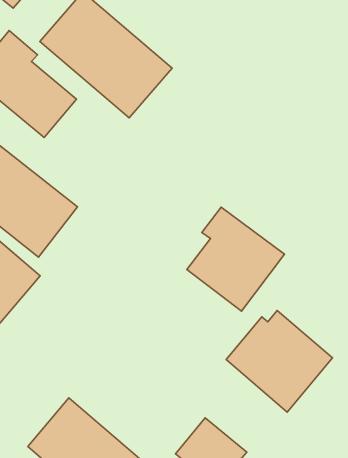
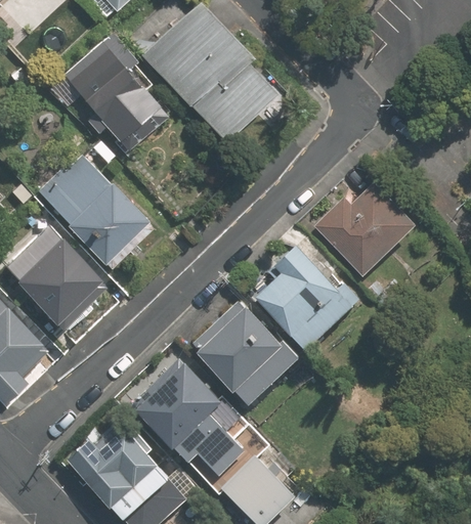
building: none -> [317,186,415,274]
building: [226,311,332,412] -> [189,305,299,410]
building: none -> [128,357,246,480]

